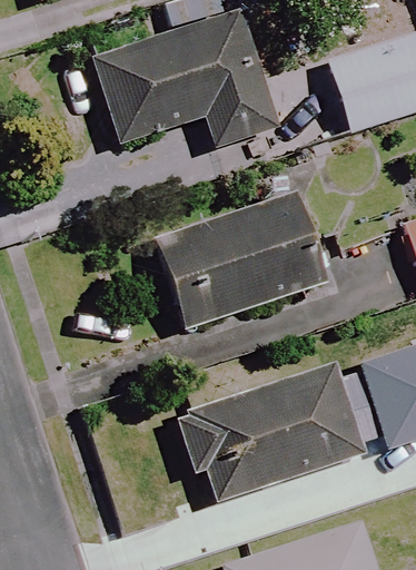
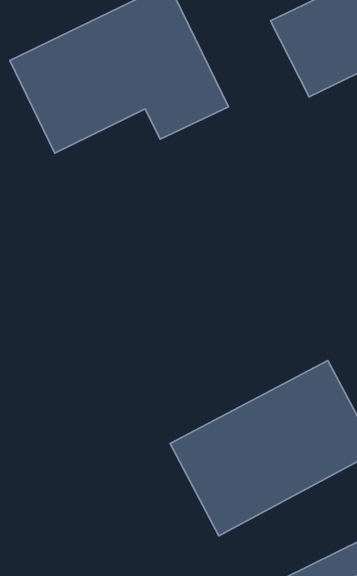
building: [158,194,319,327] -> none

